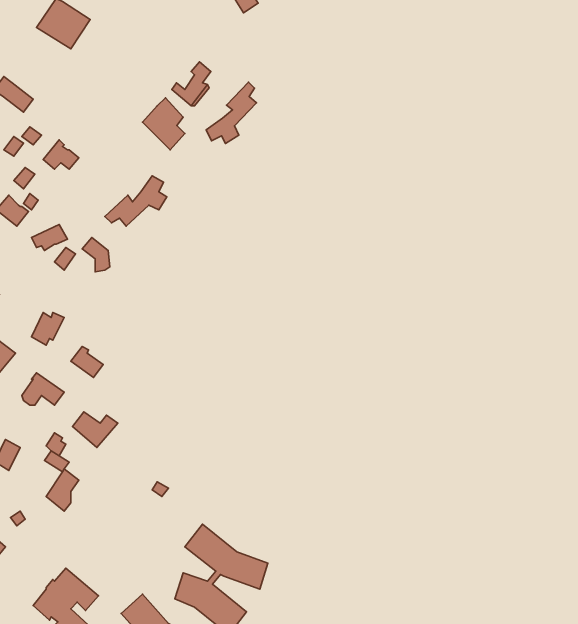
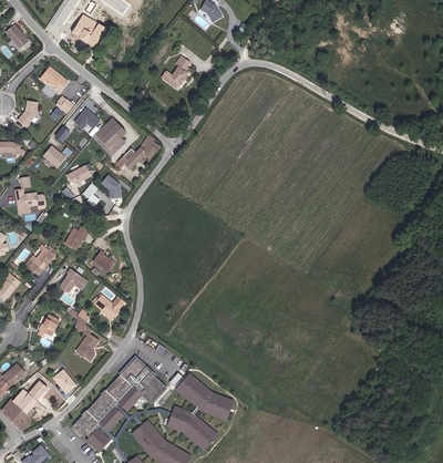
building: [206,82,257,144] -> none
building: [143,98,185,150] -> [97,117,126,153]
building: none -> [91,357,162,420]

